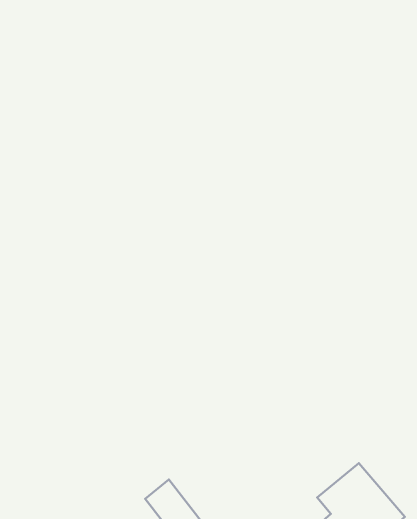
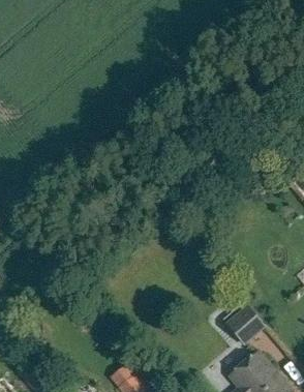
building: none -> [224,304,265,344]

